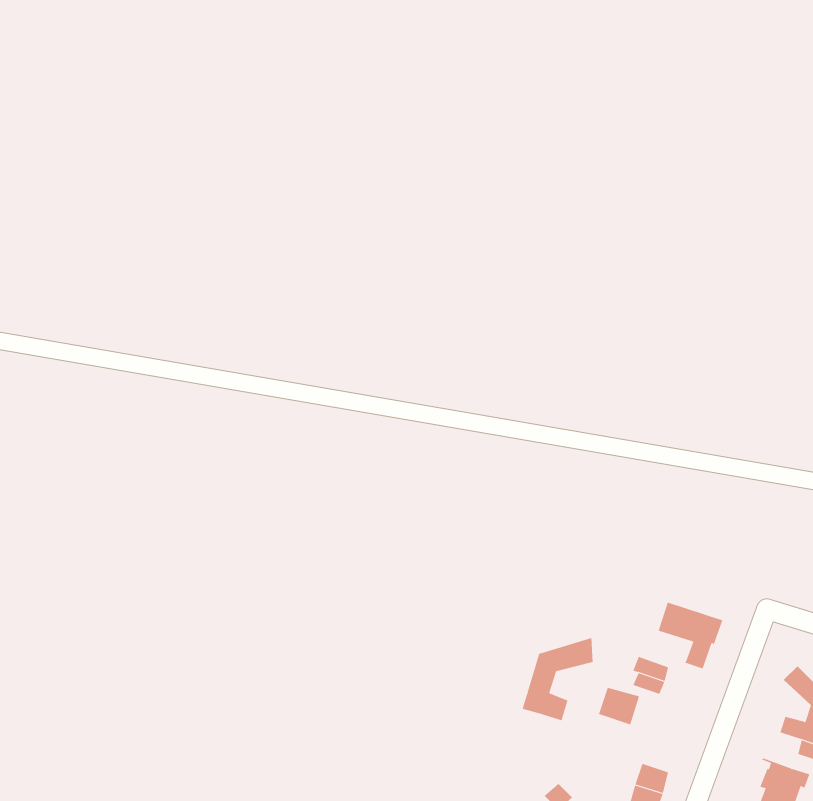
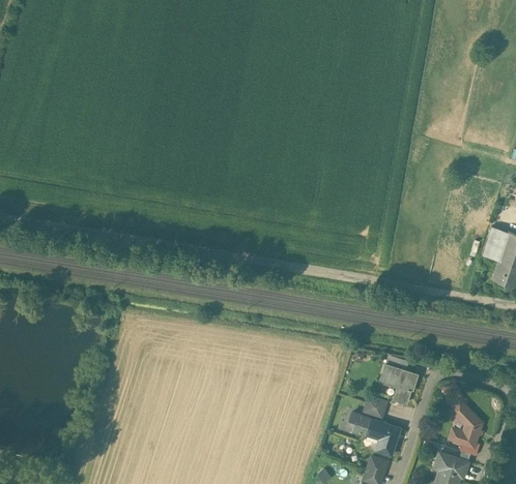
building: [521,637,593,721] -> none
building: none -> [368,420,400,456]

